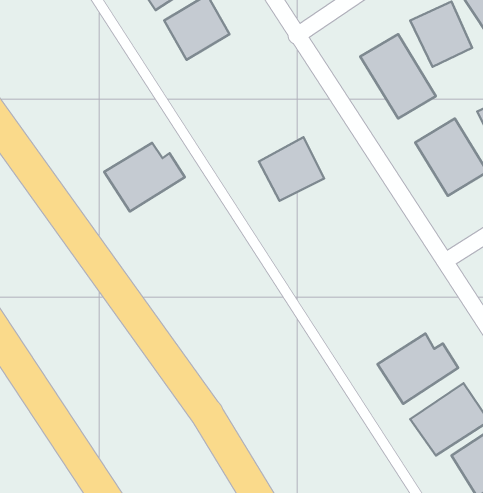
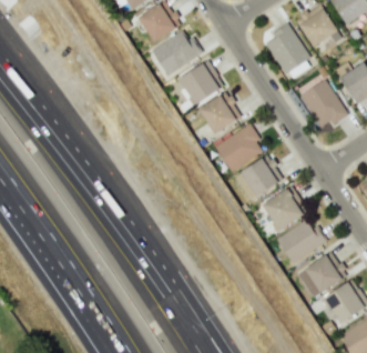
building: none -> [179,61,223,104]
building: [104,143,185,212] -> [150,31,202,75]
building: none -> [214,124,262,171]
building: none -> [239,154,283,196]
building: none -> [262,188,305,230]

